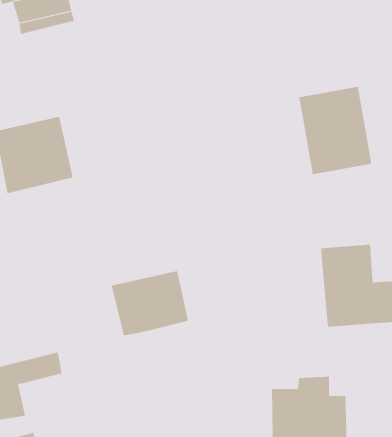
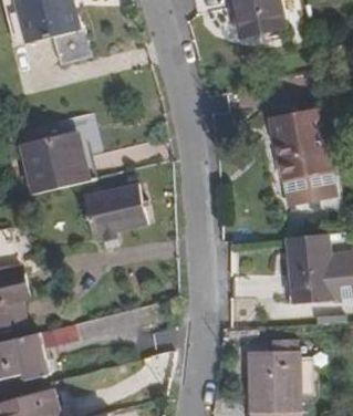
building: none -> [281,169,334,202]
building: [111,270,189,336] -> [83,185,146,238]

